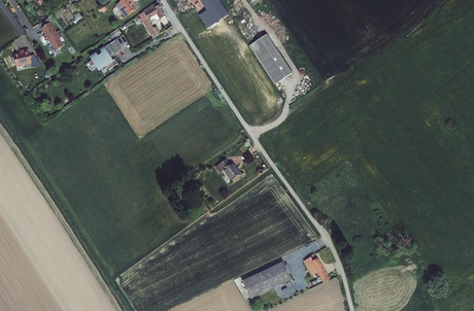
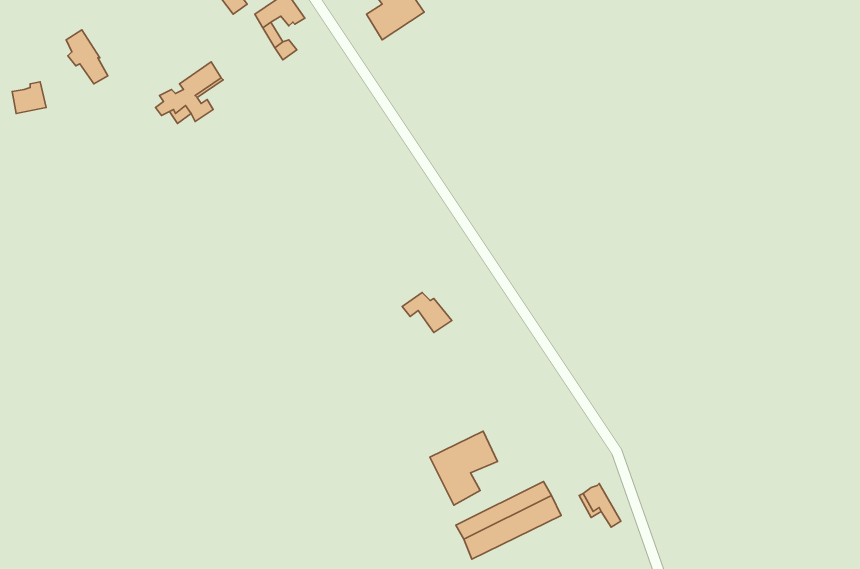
building: [249,33,291,83] -> none
building: none -> [430,431,498,505]

